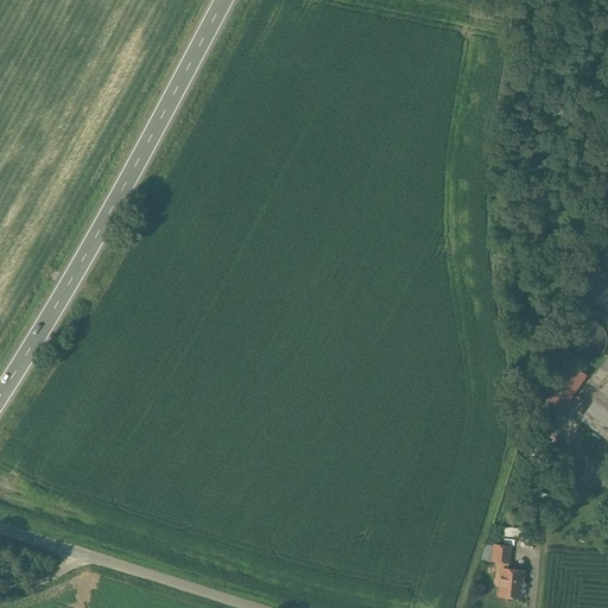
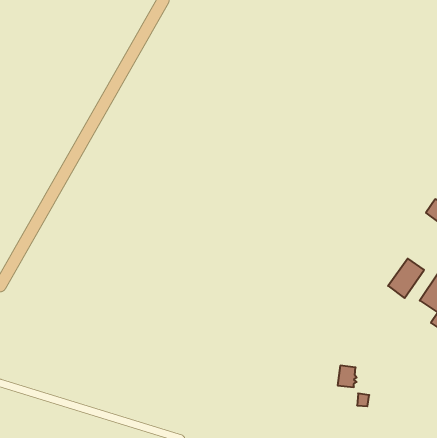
building: [501,569,527,598] -> [338,366,357,387]

